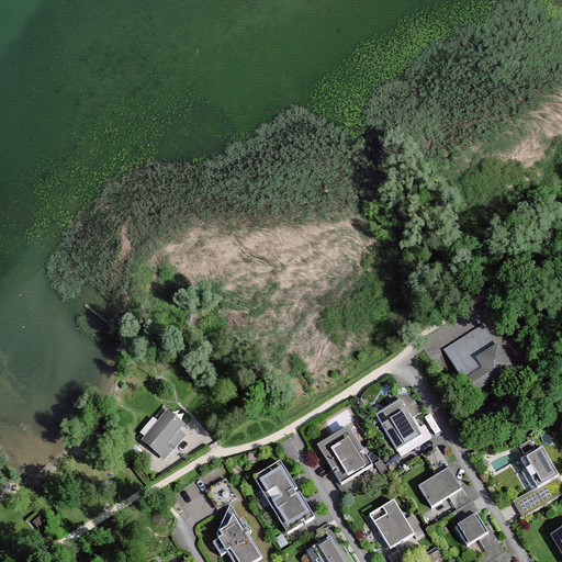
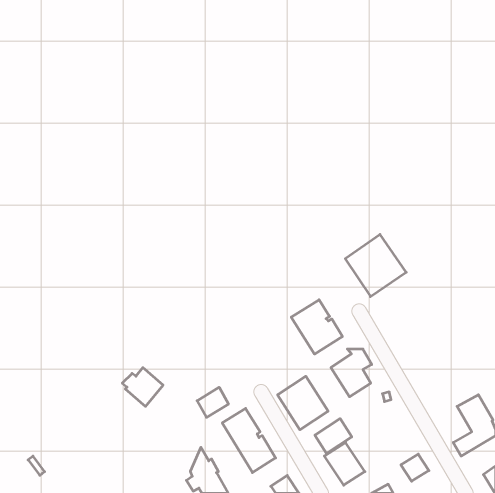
building: [445,323,514,393] -> [345,234,406,297]
building: none -> [291,300,342,354]
building: none -> [197,387,228,417]
building: [417,467,459,506] -> [315,419,352,454]

